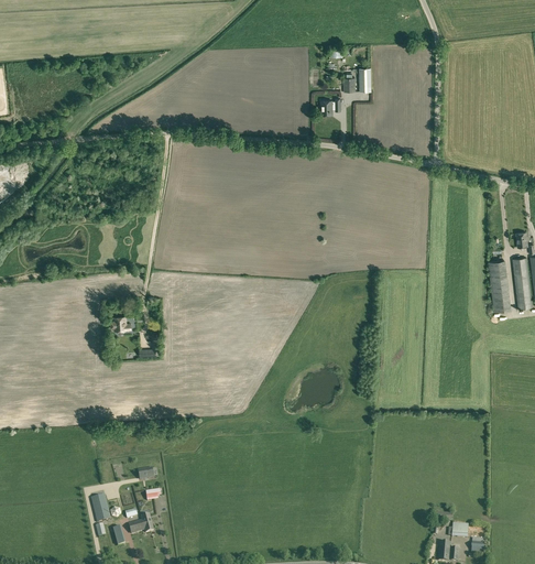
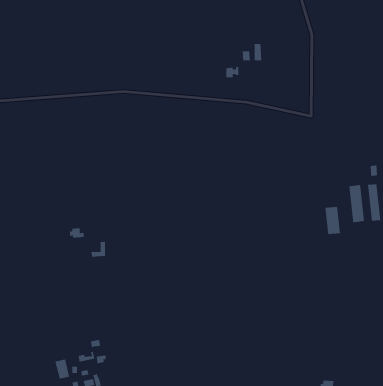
building: none -> [325,206,341,235]

